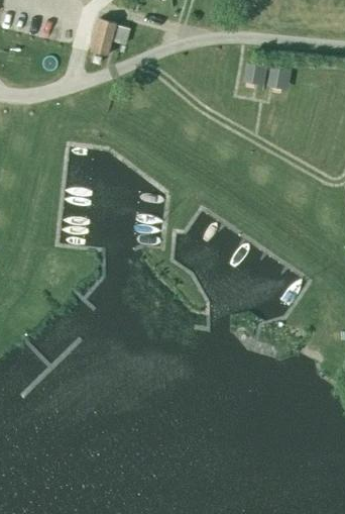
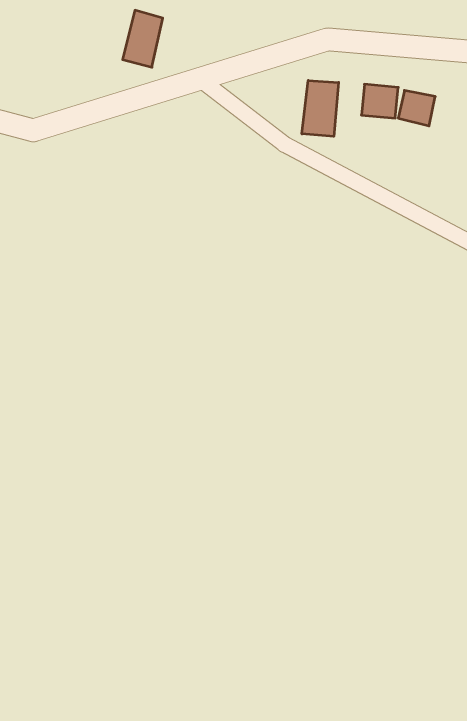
building: none -> [302,80,339,136]

